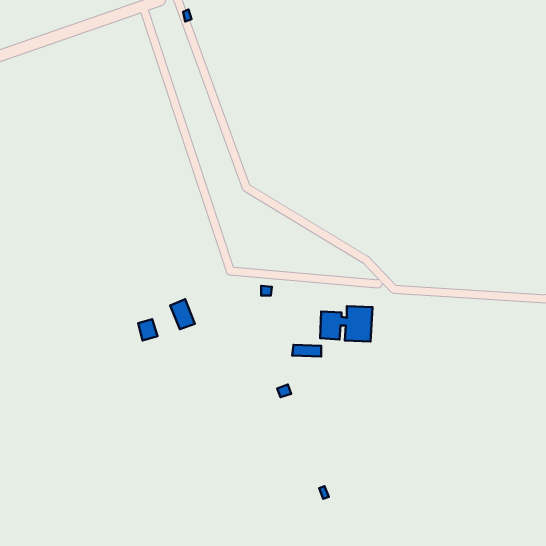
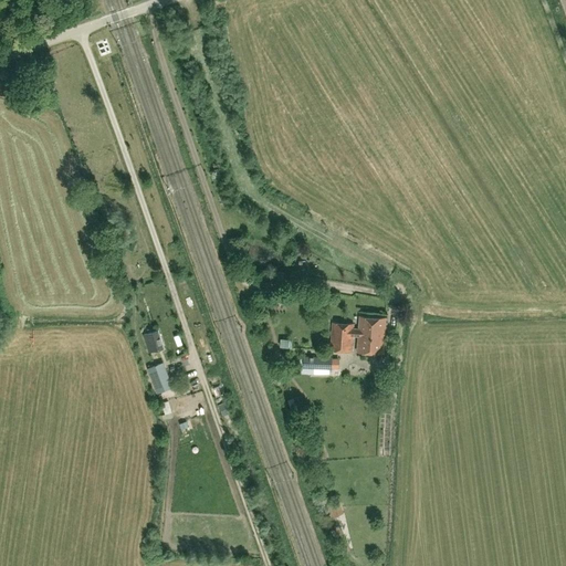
building: [170,299,195,329] -> [146,363,171,394]

